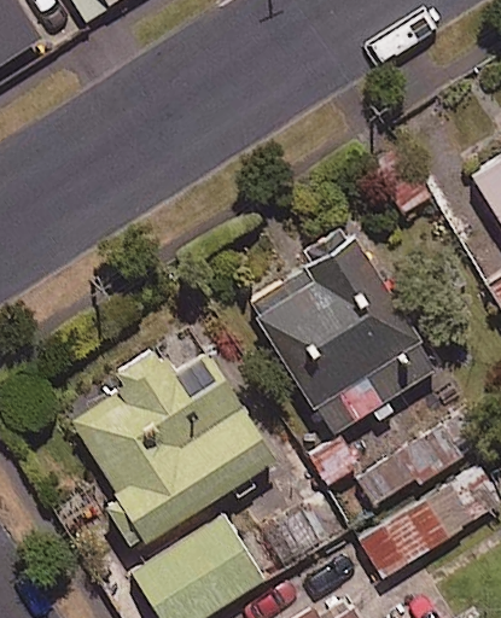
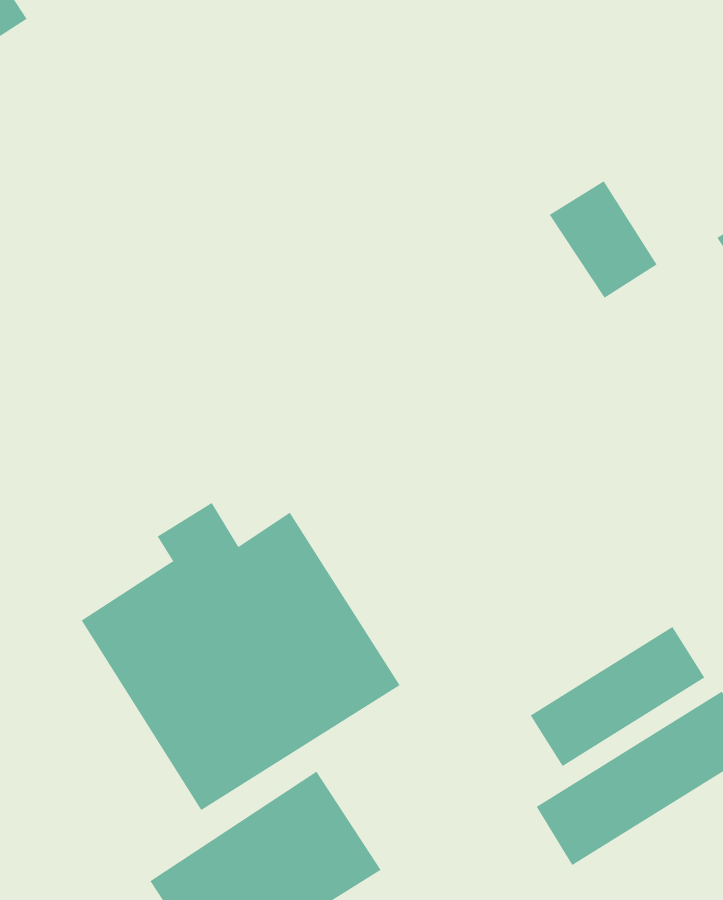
building: [249,239,437,436] -> none

